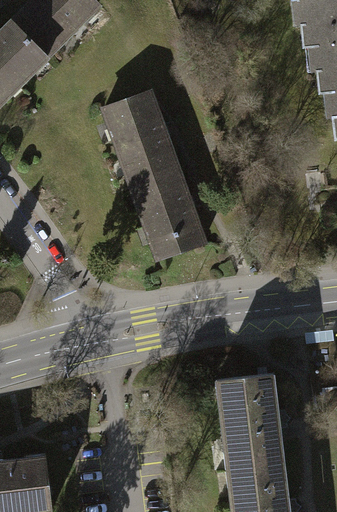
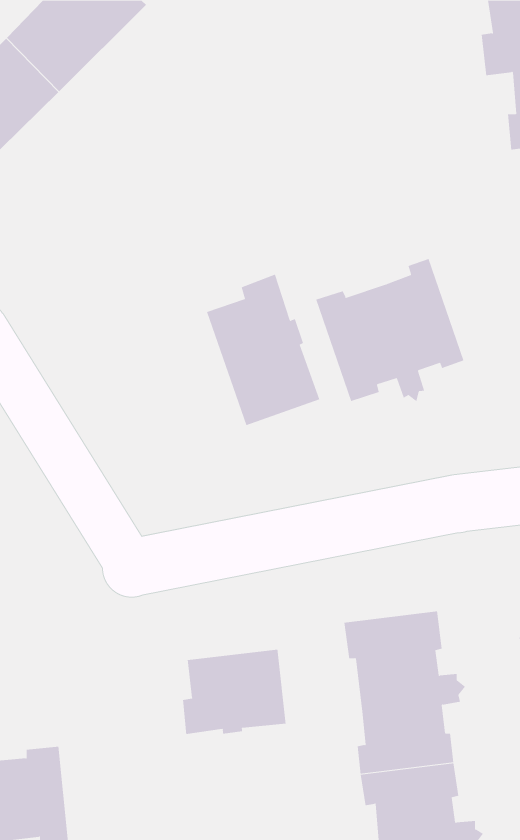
building: [105,92,175,191] -> none
building: none -> [315,258,464,402]
building: none -> [183,649,286,735]

